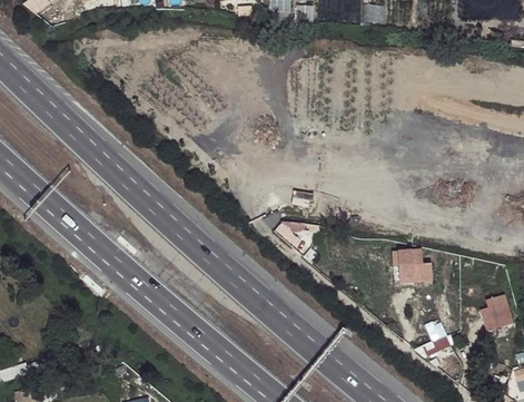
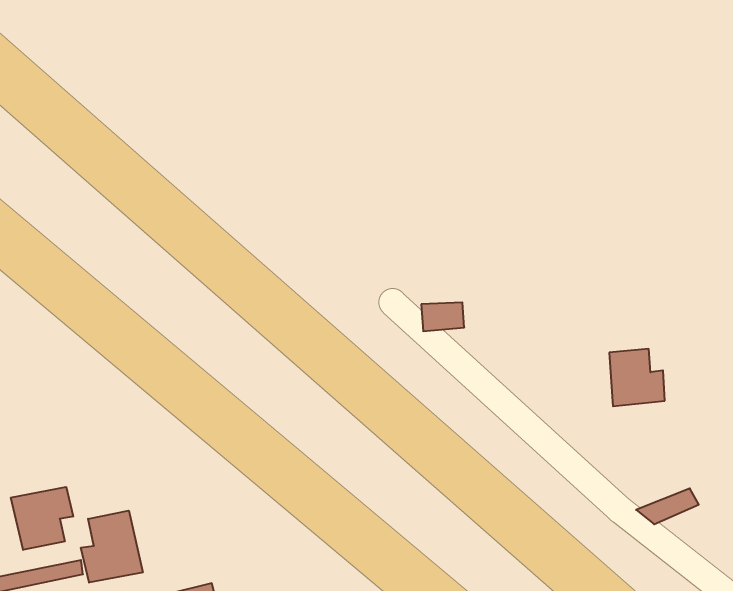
building: none -> [11,487,73,550]
building: none -> [81,511,143,583]

